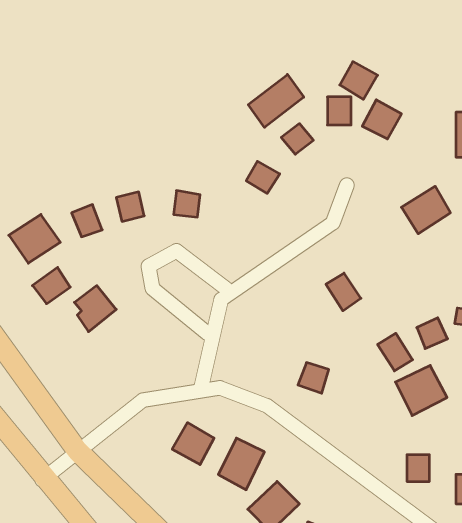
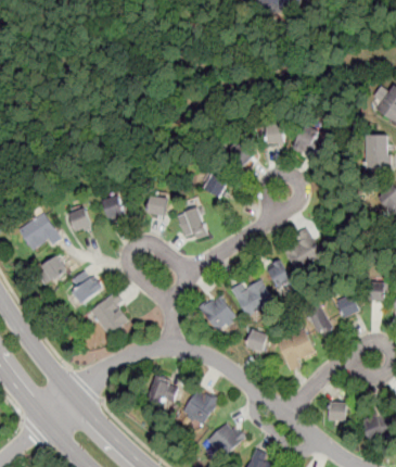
building: [340,62,378,99] -> none
building: [248,74,304,127] -> none
building: [401,186,450,234] -> [283,234,321,270]
building: none -> [176,206,207,240]
building: none -> [232,276,272,315]
building: none -> [88,292,130,335]
building: none -> [197,294,237,333]
building: [395,365,447,416] -> [274,328,315,367]

